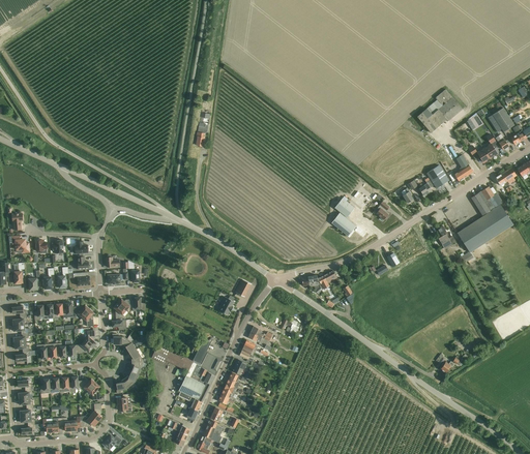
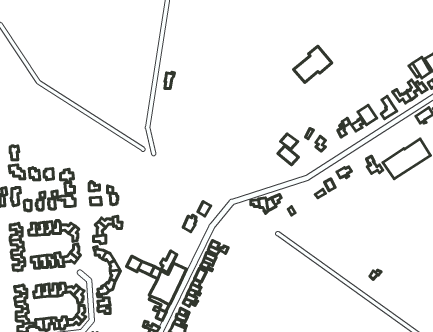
building: [417,89,463,132] -> [294,46,332,83]
building: [471,186,503,215] -> none

